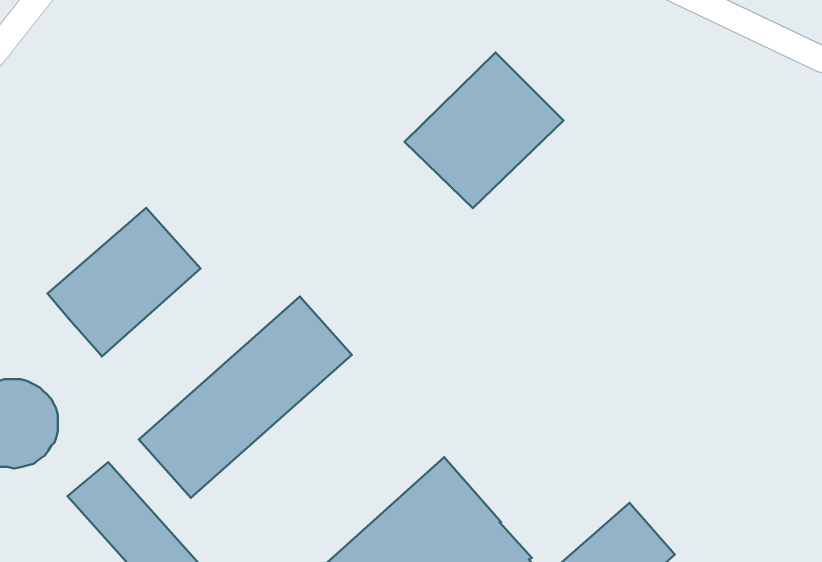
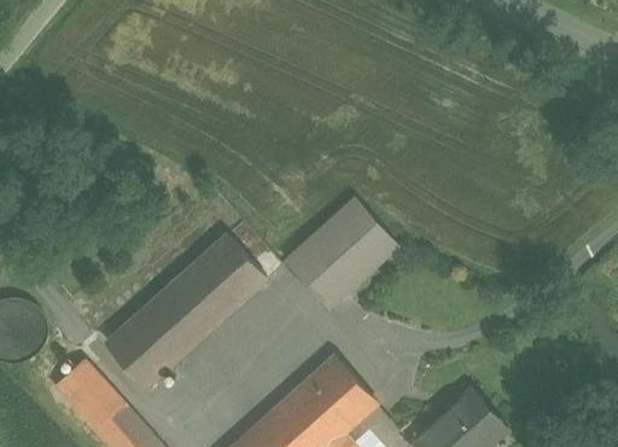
building: [405,52,564,208] -> [278,195,396,310]
building: [48,208,200,356] -> none

